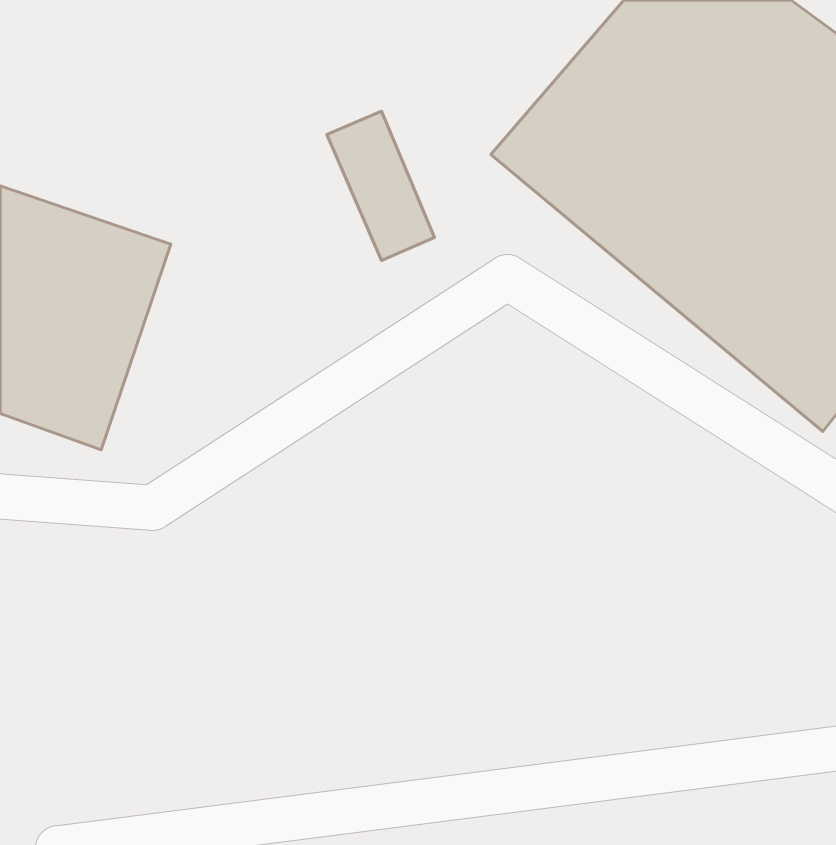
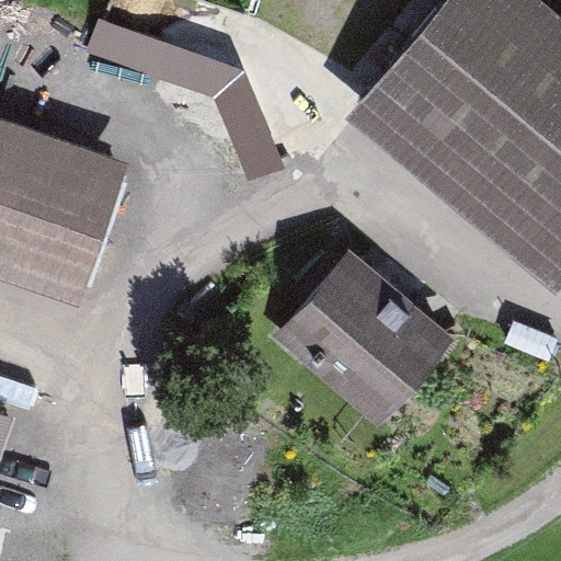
building: none -> [95,13,242,102]
building: none -> [266,245,461,438]

